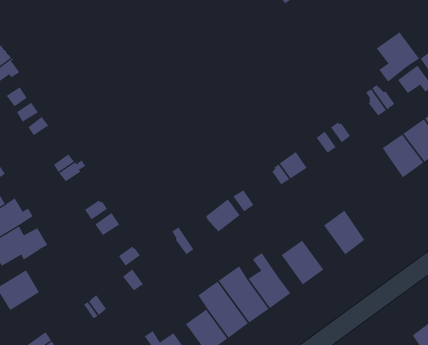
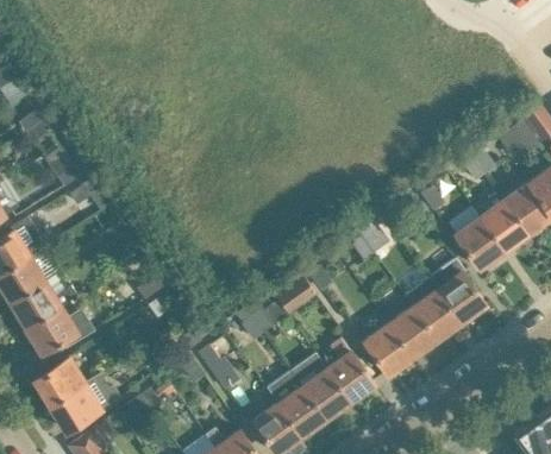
building: [376,31,420,82] -> none
building: none -> [455,217,503,270]
building: none -> [427,258,486,323]
building: none -> [245,299,288,334]
building: none -> [388,307,437,358]
building: none -> [198,345,240,391]
building: none -> [50,372,112,431]

